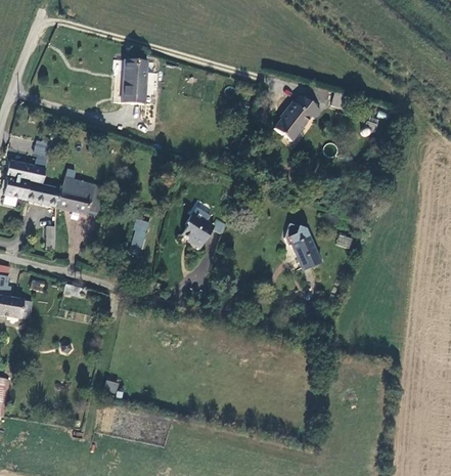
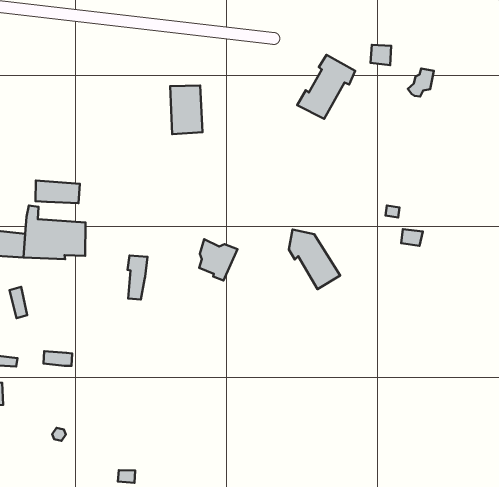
building: [119,69,145,106] -> [170,85,202,134]
building: none -> [35,180,80,203]
building: [289,224,324,271] -> [289,229,340,289]

